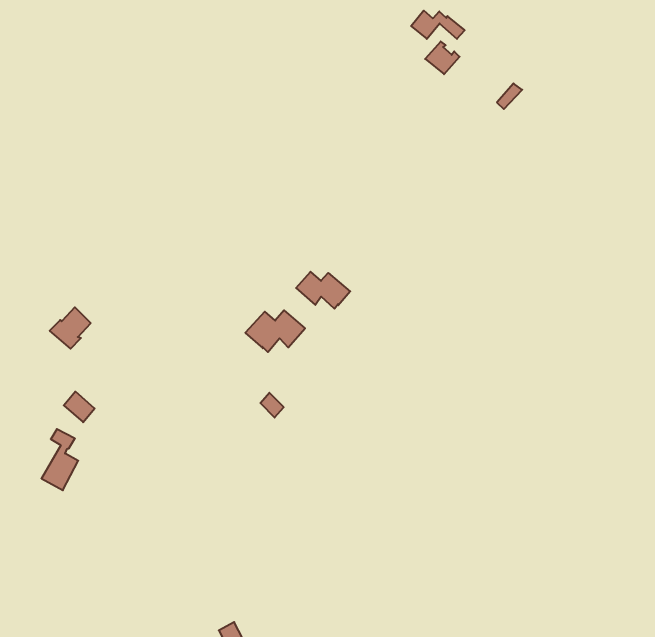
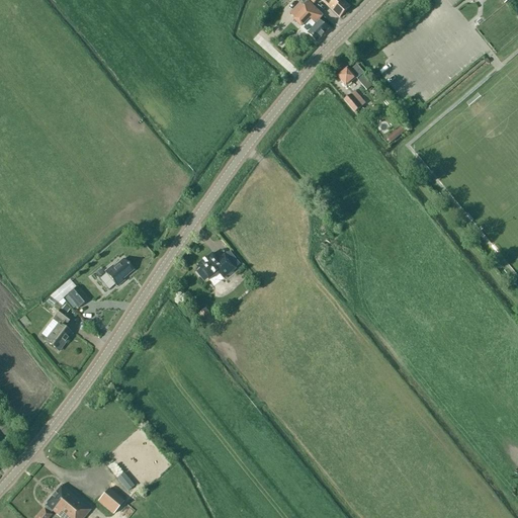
building: [296,272,350,309] -> none
building: [50,307,91,349] -> [104,258,133,285]

